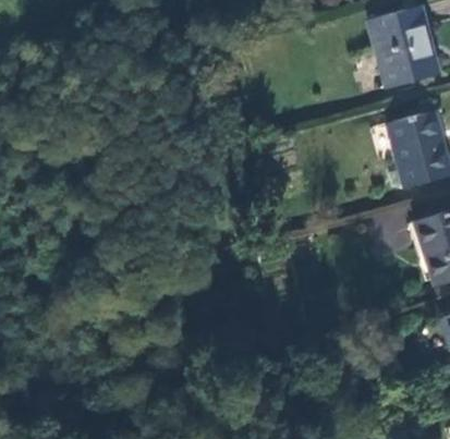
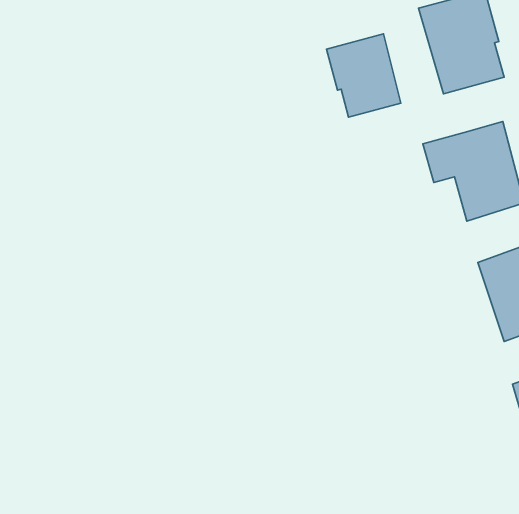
building: none -> [326,34,401,117]

